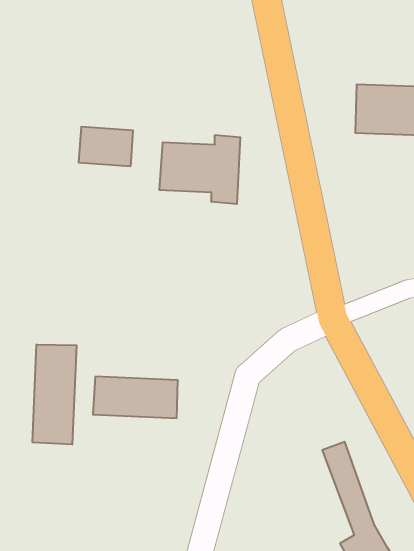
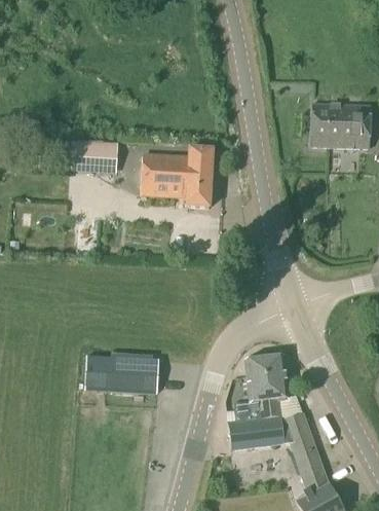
building: [33,344,76,445] -> none
building: none -> [229,355,289,448]

